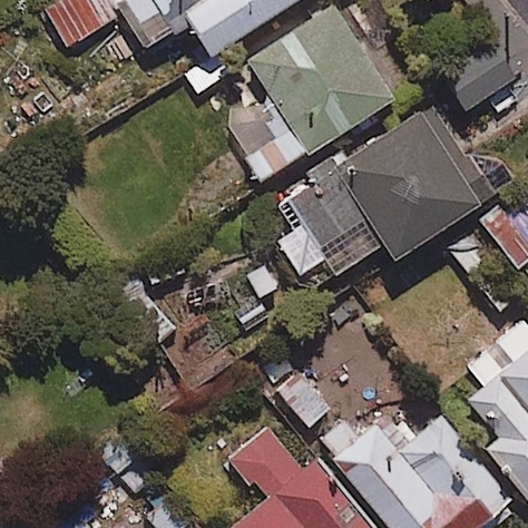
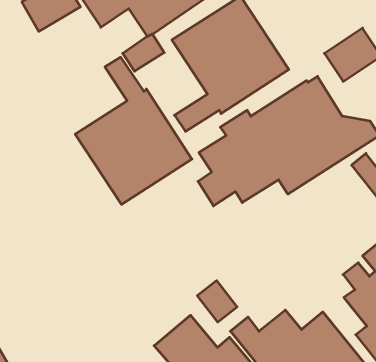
building: none -> [75,57,192,204]

